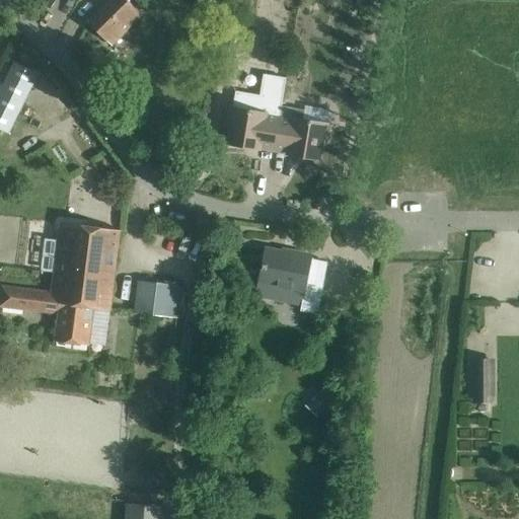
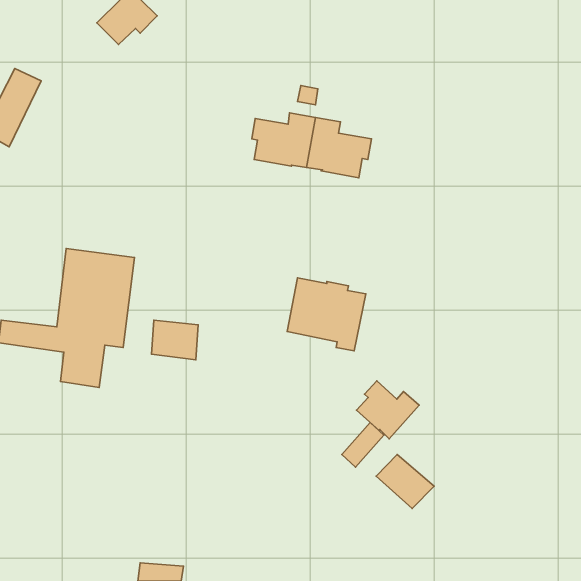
building: none -> [356,381,419,439]
building: [474,359,491,400] -> none
building: none -> [376,455,434,509]

